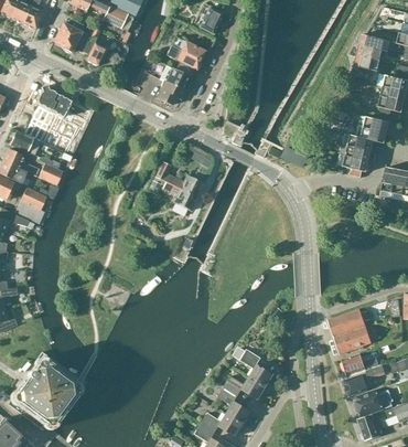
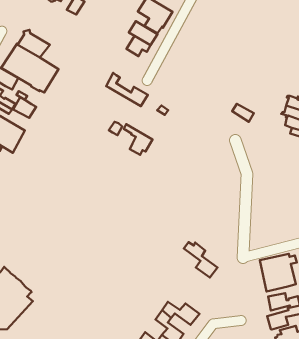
building: [62,100,92,127] -> none
building: [155,161,203,195] -> [106,73,148,106]
building: [235,348,275,385] -> [184,242,218,278]

